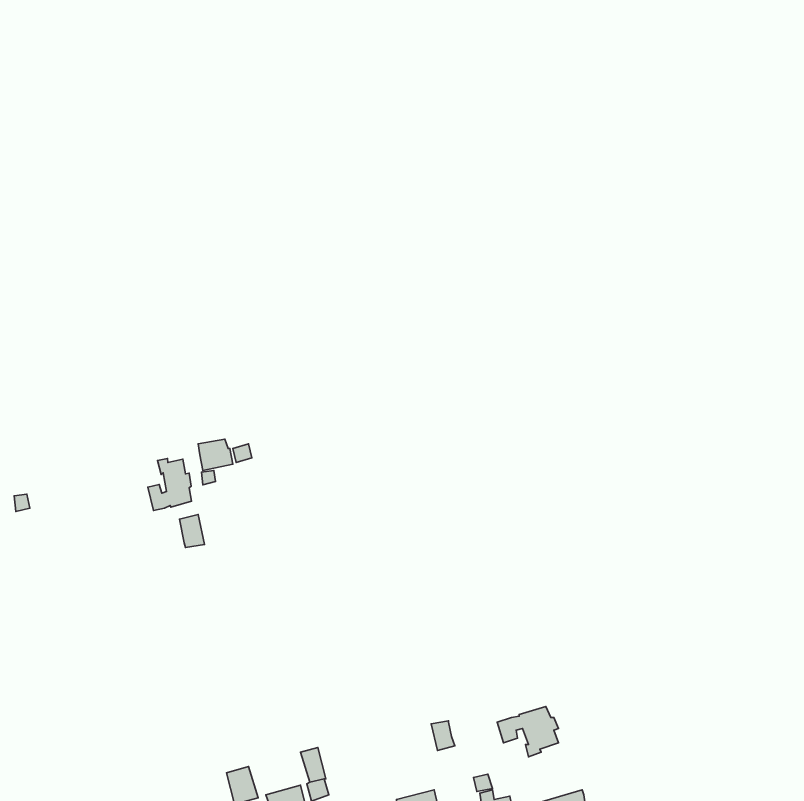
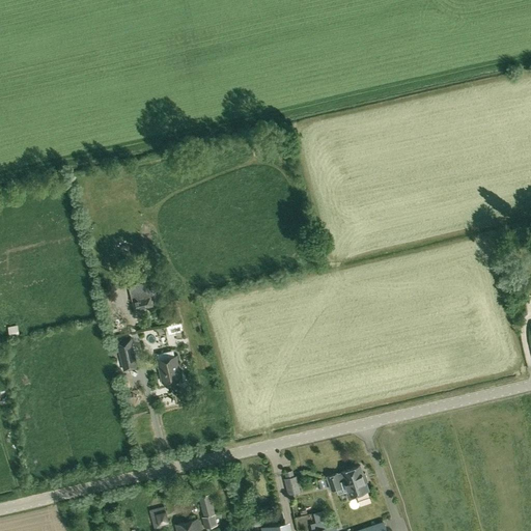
building: [148,459,191,511] -> none
building: none -> [159,358,180,384]

